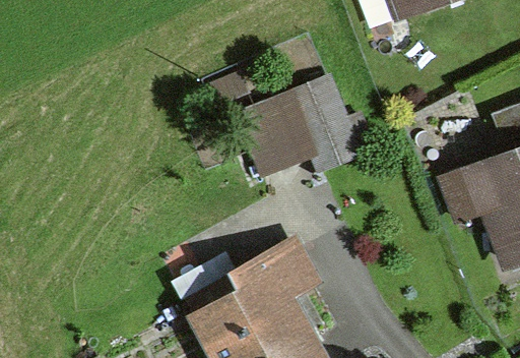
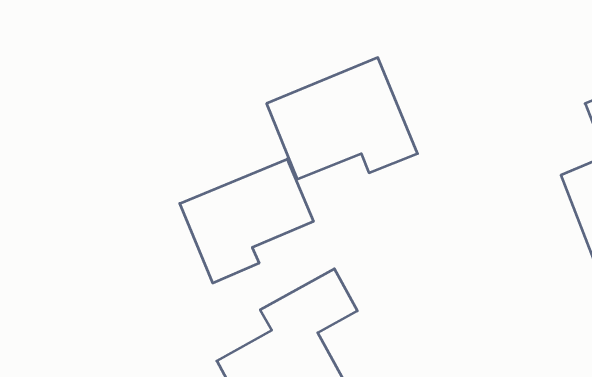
building: none -> [180,159,313,283]

